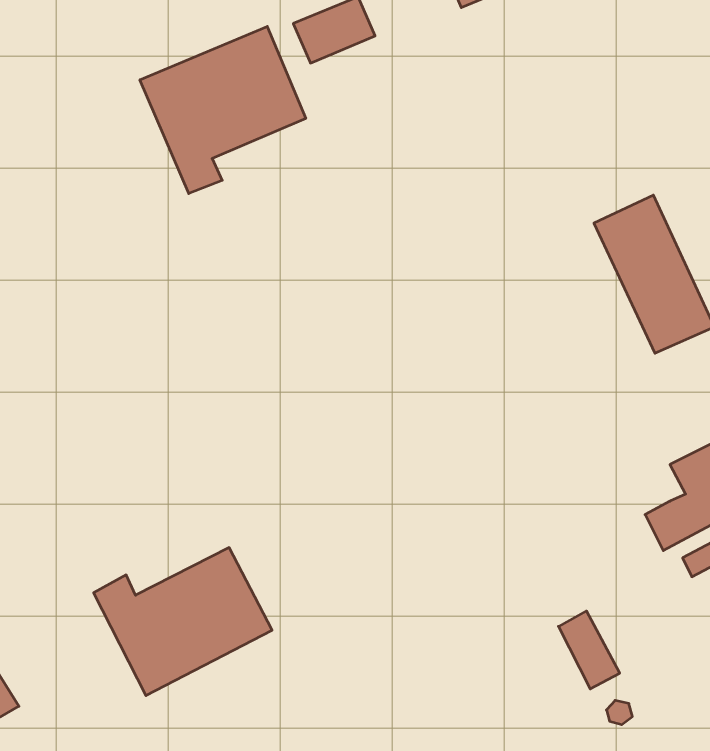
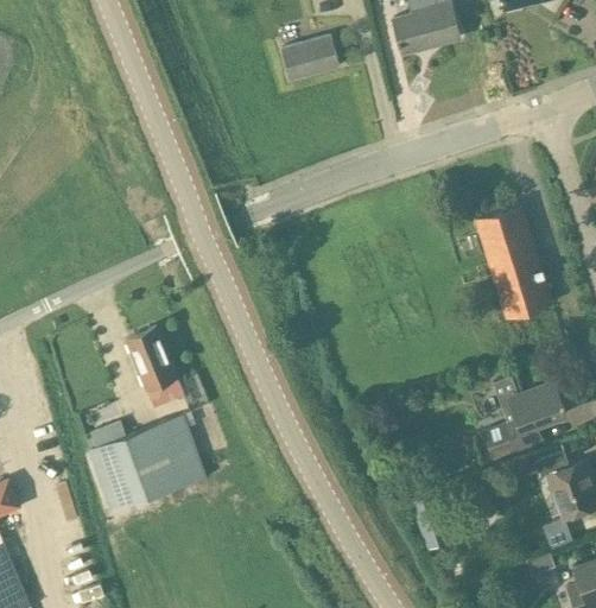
building: [140,26,306,194] -> none
building: none -> [127,329,184,408]

